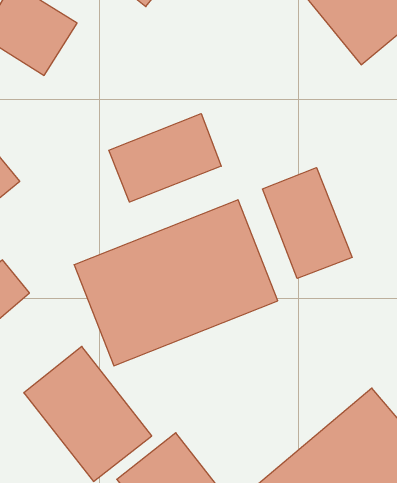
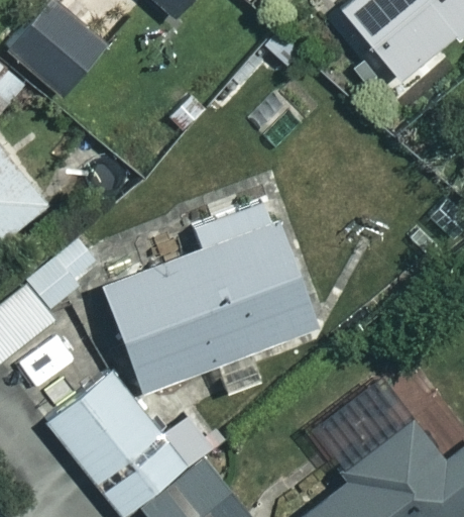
building: [109,114,221,202] -> none
building: [262,168,352,278] -> none

